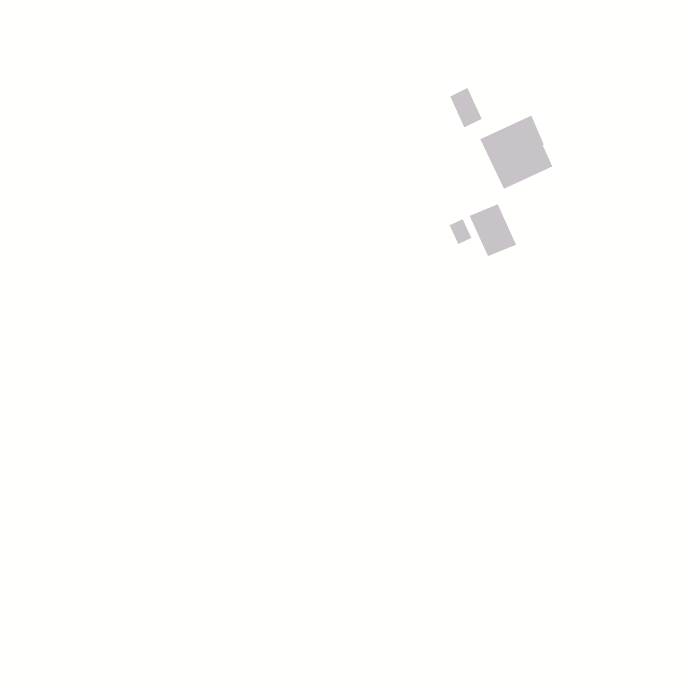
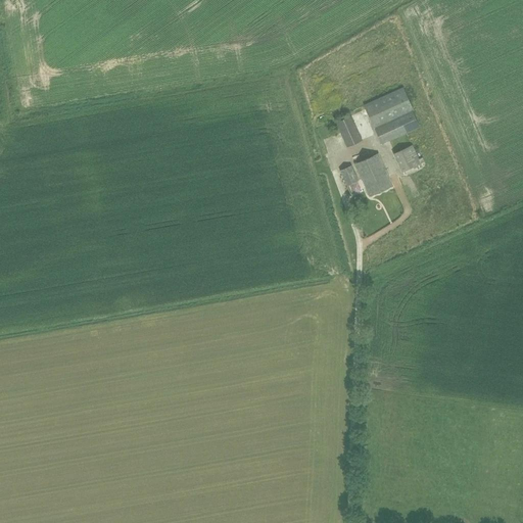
building: [449,87,483,128] -> [336,115,362,147]
building: none -> [393,145,421,173]

